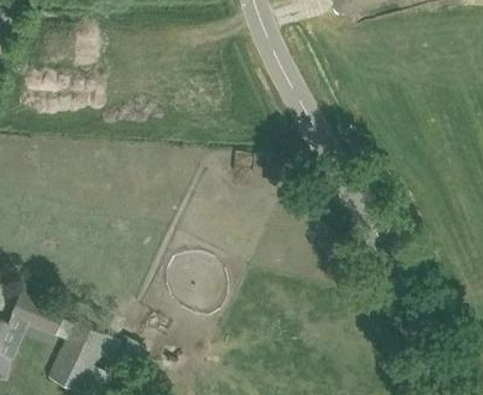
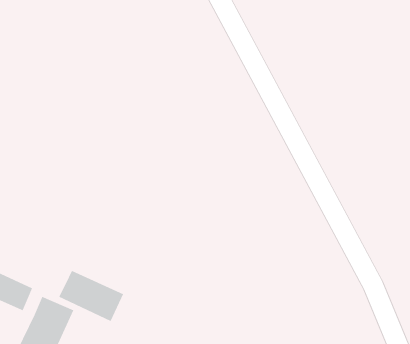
building: none -> [58,270,124,322]

